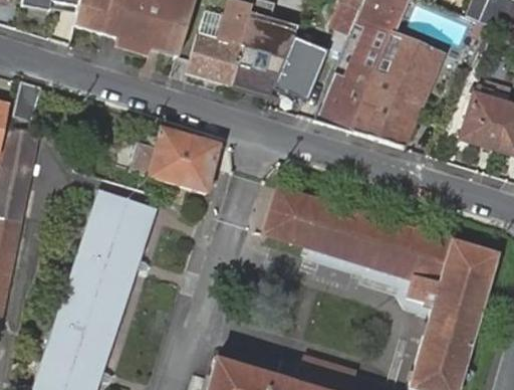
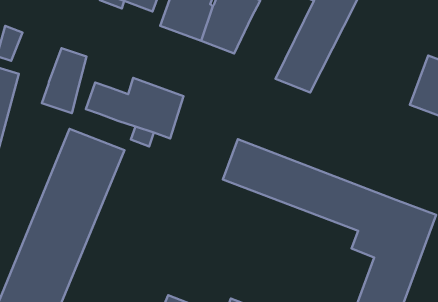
building: [353,34,443,147] -> none
building: [274,44,328,105] -> none
building: none -> [42,48,87,113]

